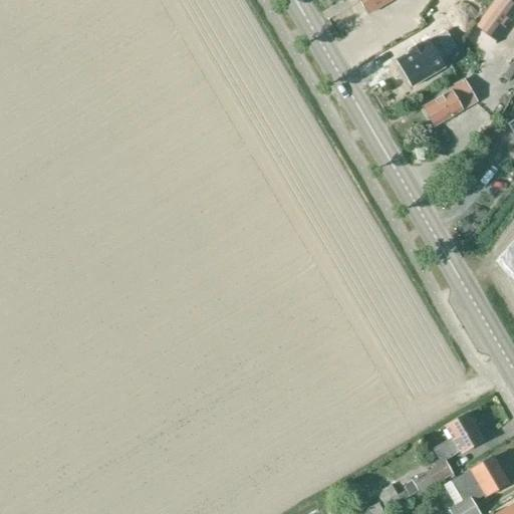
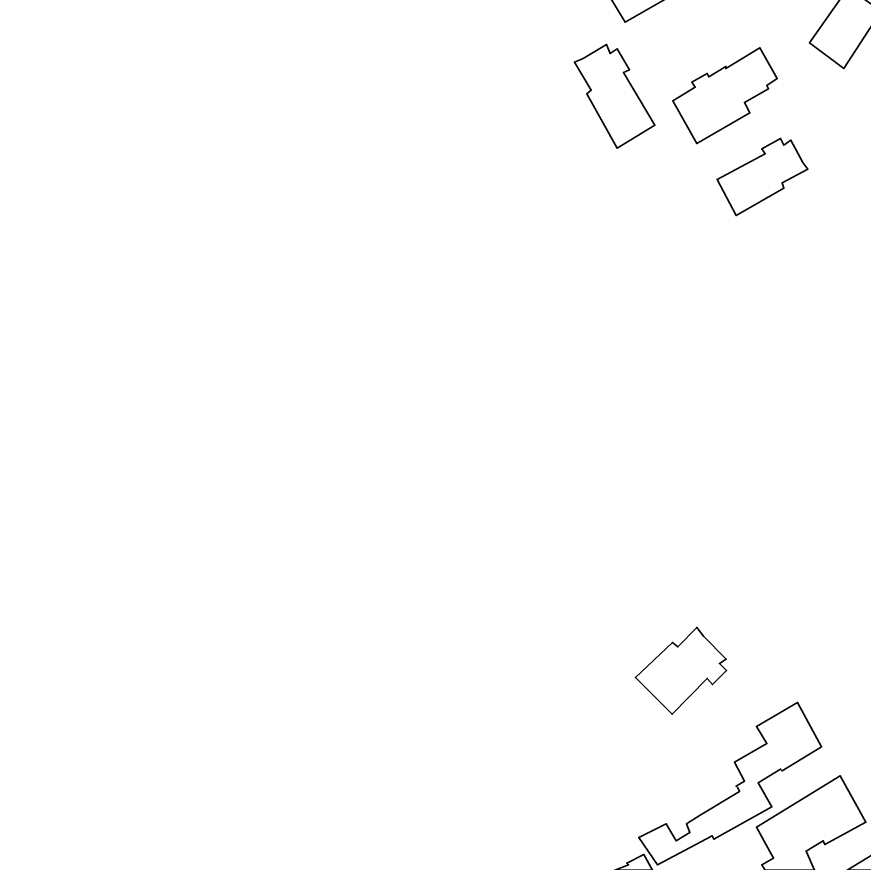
building: none -> [574,45,655,148]
building: none -> [635,628,726,714]

